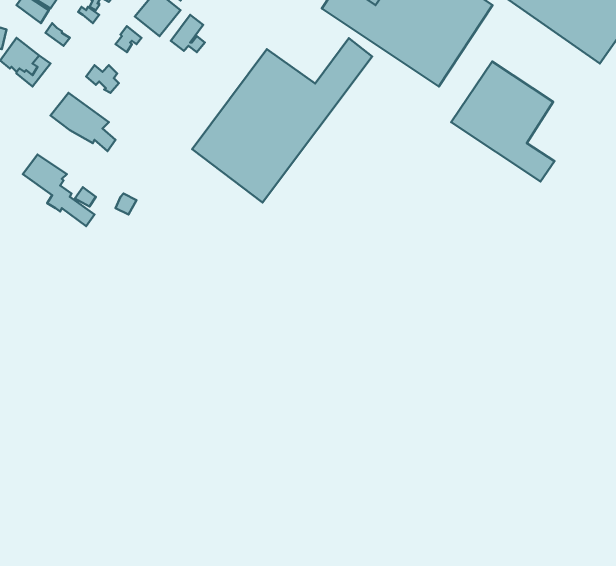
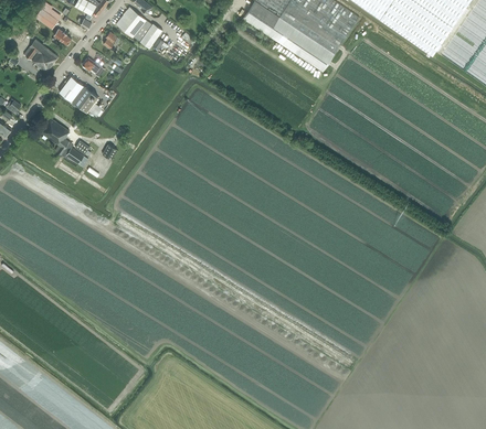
building: [192,38,372,203] -> none
building: [451,62,554,182] -> none

